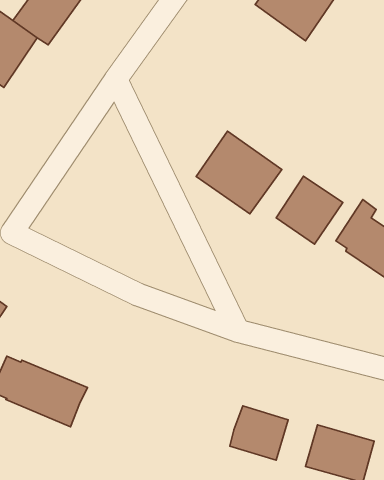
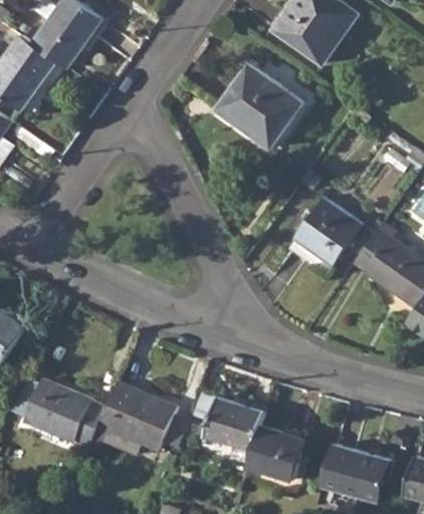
building: [196,131,282,214] -> [217,64,302,147]
building: none -> [97,383,177,451]
building: none -> [204,397,264,451]

